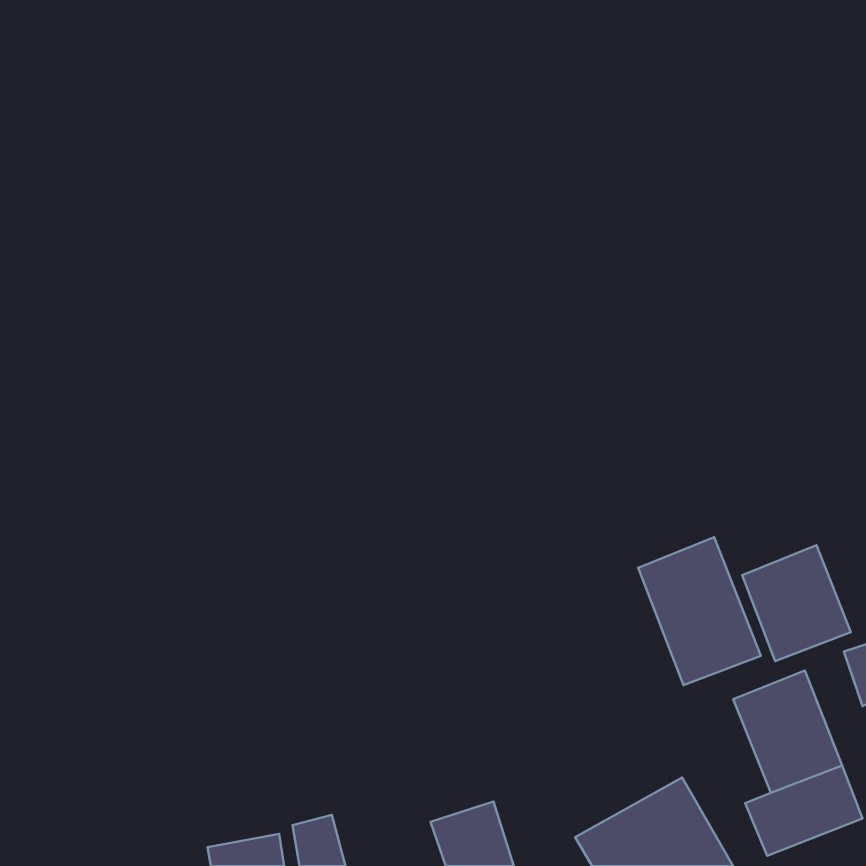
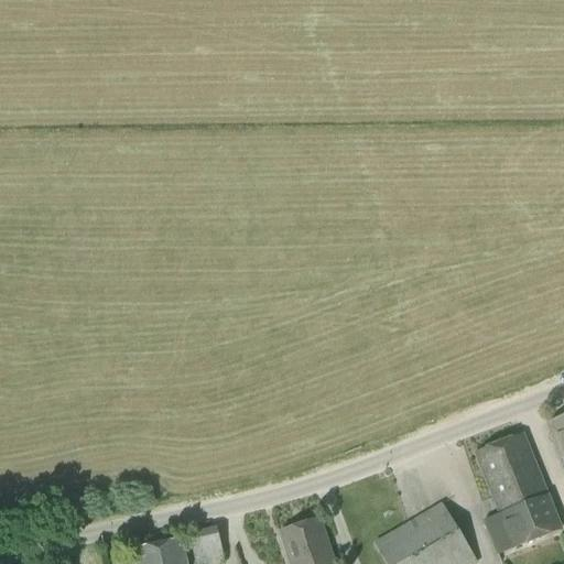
building: [638,537,761,685] -> none
building: [742,545,851,661] -> none

